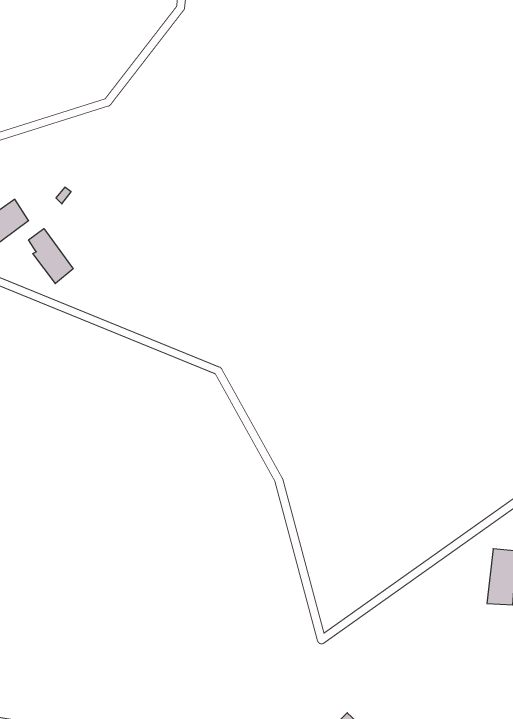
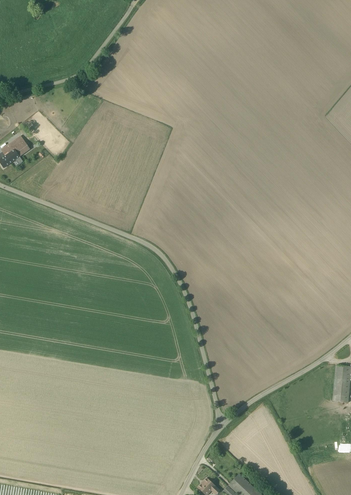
building: [29,229,73,284] -> none

